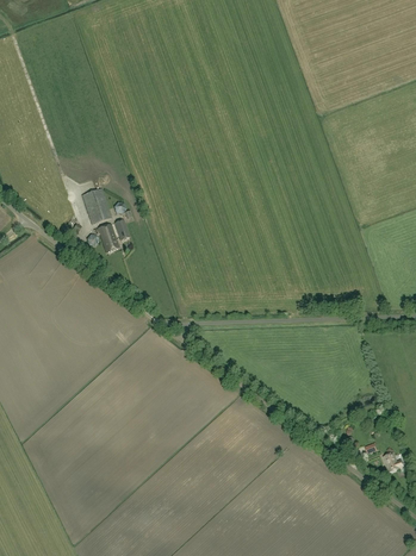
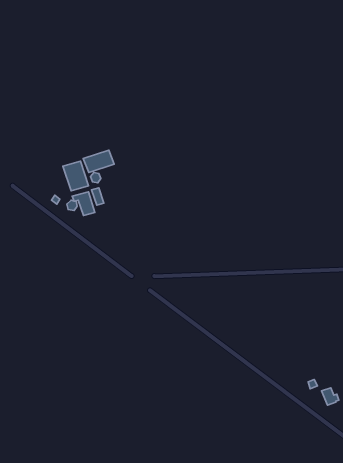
building: none -> [83,150,114,173]

